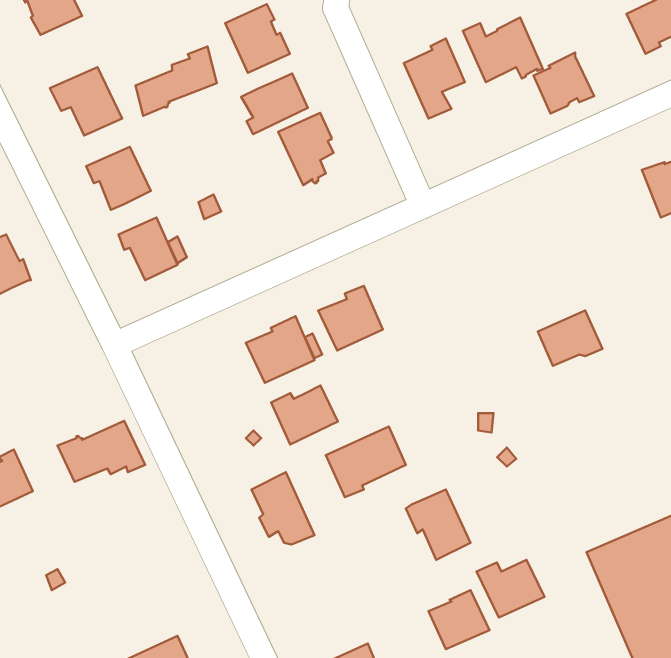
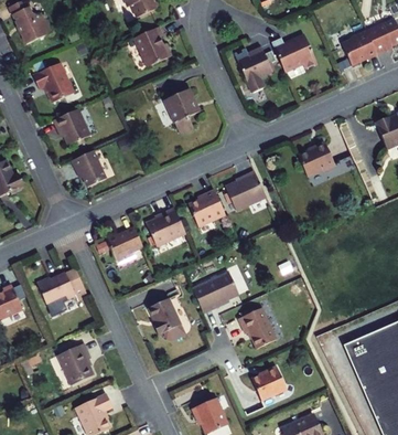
building: [135,46,217,116] -> none
building: [533,53,594,113] -> [342,30,377,65]
building: [241,74,308,134] -> none
building: none -> [225,171,267,210]
building: [538,311,602,366] -> [298,144,335,176]
building: [271,385,338,444] -> [105,226,143,261]
building: none -> [57,343,94,385]
building: [476,560,544,617] -> none

